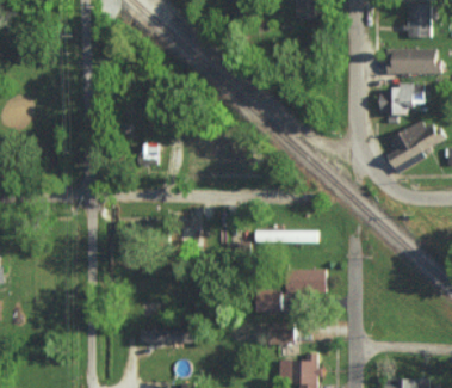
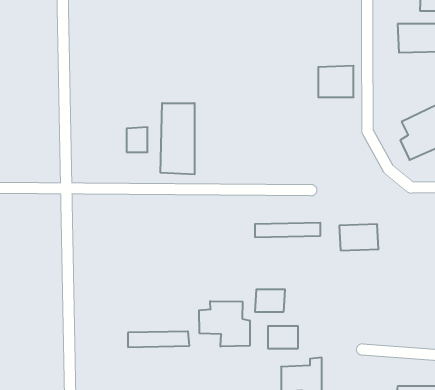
building: [378,85,410,113] -> [318,66,354,97]
building: none -> [161,103,195,174]
building: [289,267,324,291] -> [339,224,379,250]
building: none -> [199,301,250,347]

